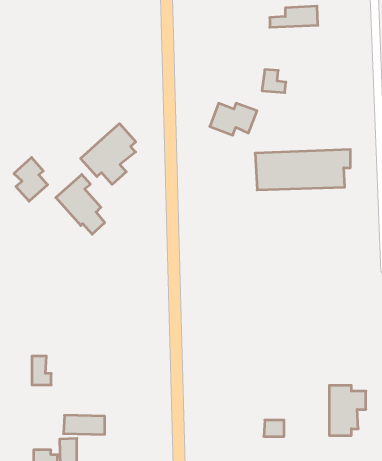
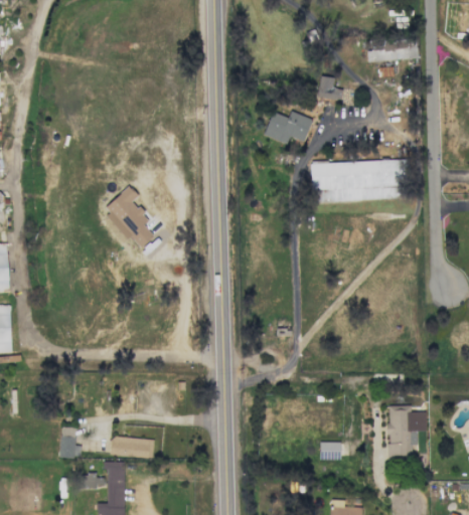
building: [270,6,318,27] -> [367,38,418,60]
building: [81,124,136,184] -> none
building: [14,157,48,201] -> none
building: [32,356,51,385] -> [60,426,81,457]

